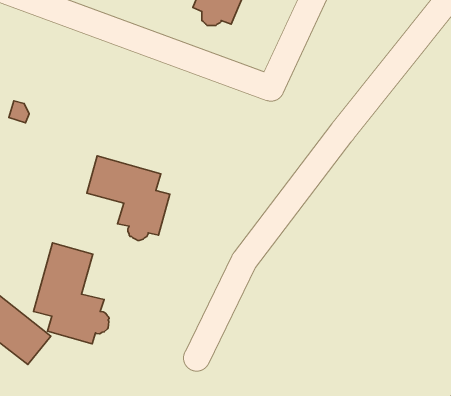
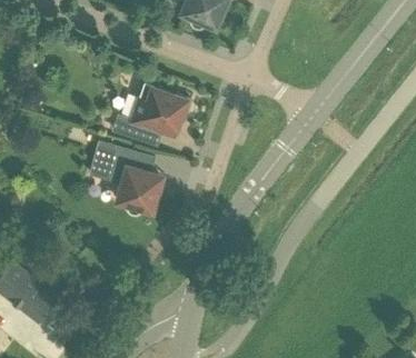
building: none -> [113,84,191,145]
building: [33,243,109,344] -> none

